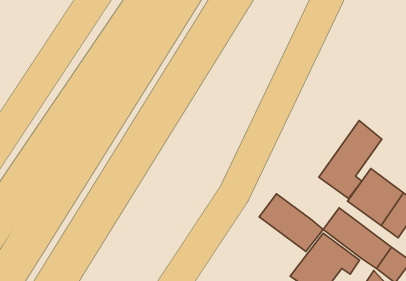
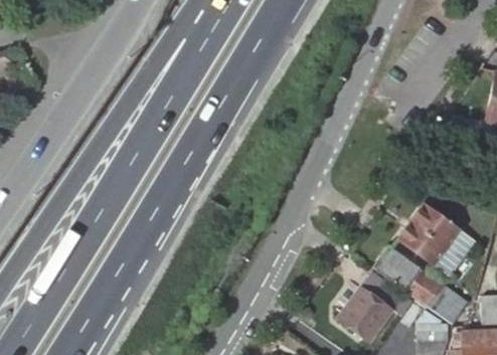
building: [319,121,382,198] -> none
building: [259,194,323,251] -> none

